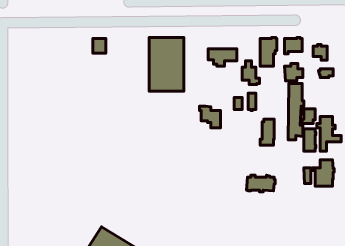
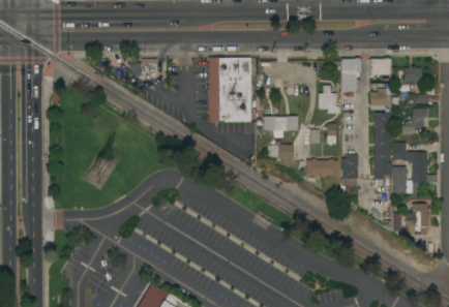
building: [208,49,237,66] -> [263,117,297,137]
building: none -> [400,109,426,134]
building: [247,175,275,192] -> [305,158,339,178]

